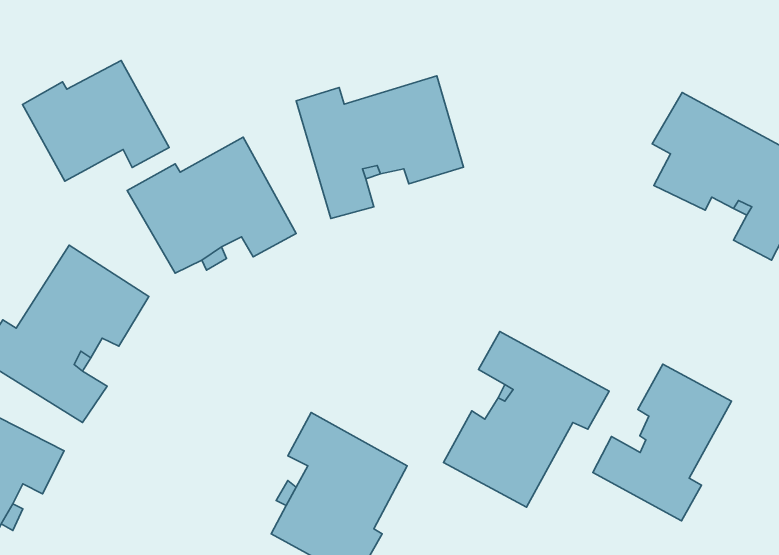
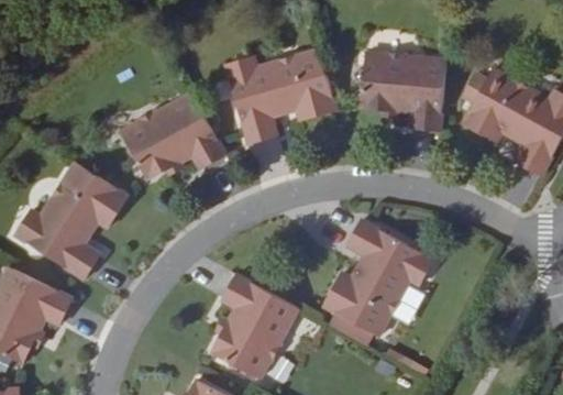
building: [23,61,169,181] -> none
building: none -> [360,45,445,131]
building: [593,364,732,521] -> none

